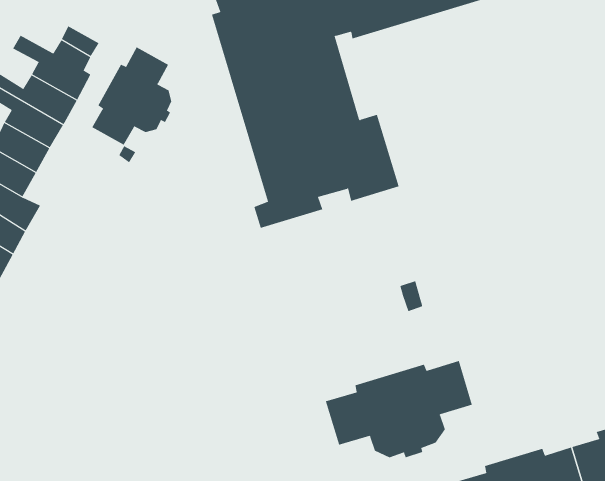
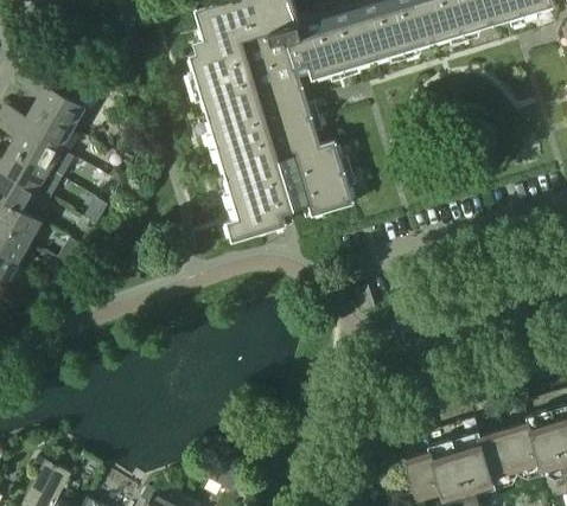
building: [92,47,172,145] -> none
building: [325,360,473,458] -> none

